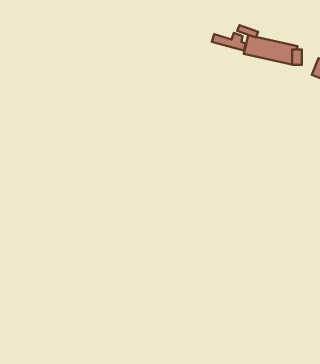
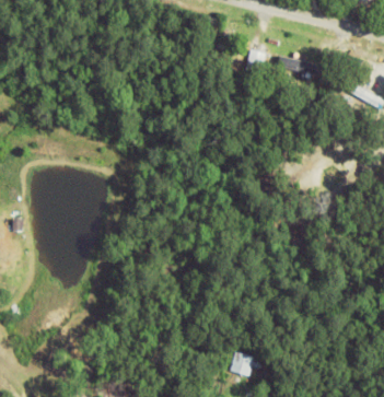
building: none -> [228,354,254,378]

